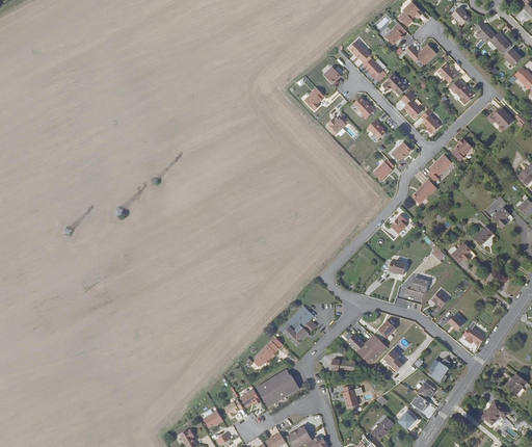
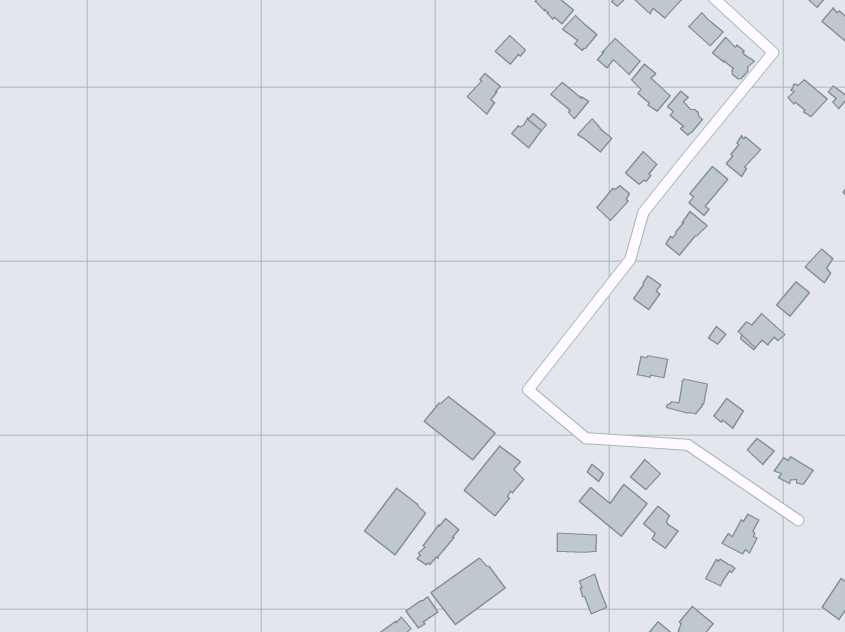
building: none -> [424,396,495,460]
building: none -> [364,488,425,555]

